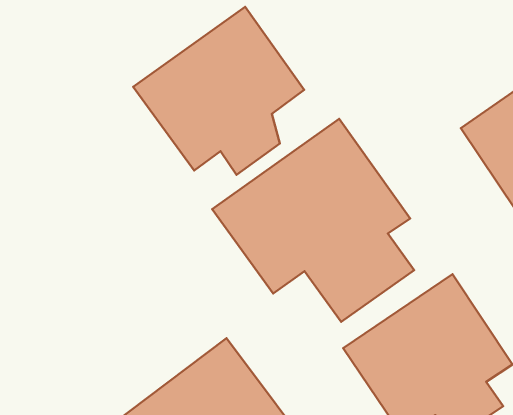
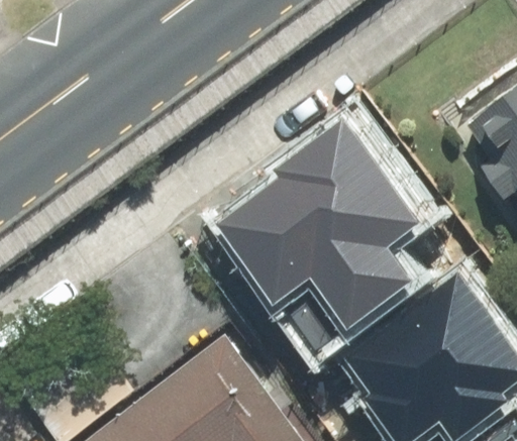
building: [133,7,304,175] -> none

